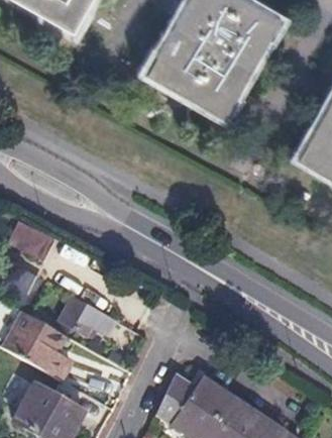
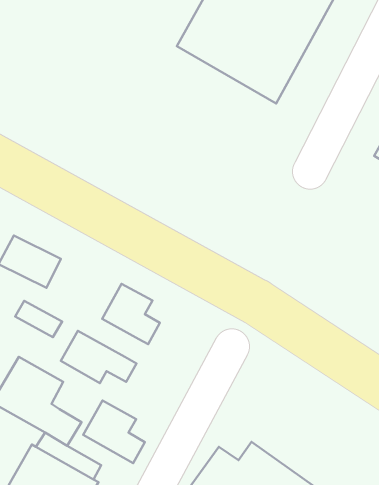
building: none -> [102,284,160,344]
building: none -> [83,401,145,463]

